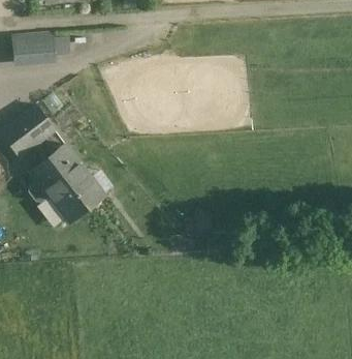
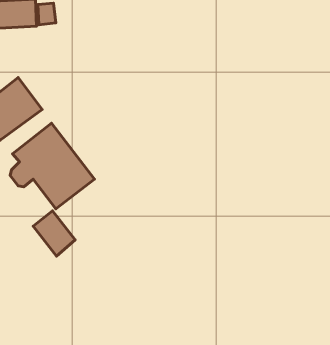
building: none -> [33,211,75,256]

